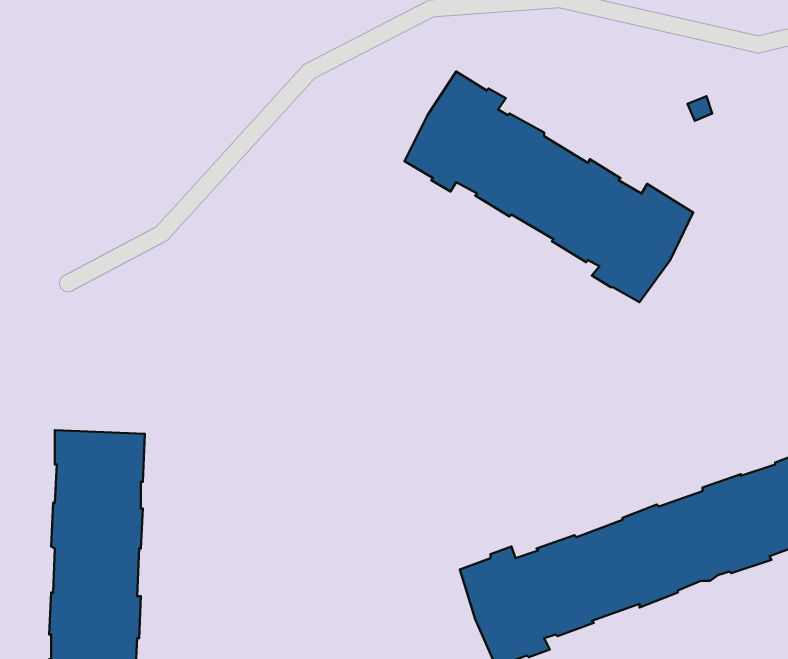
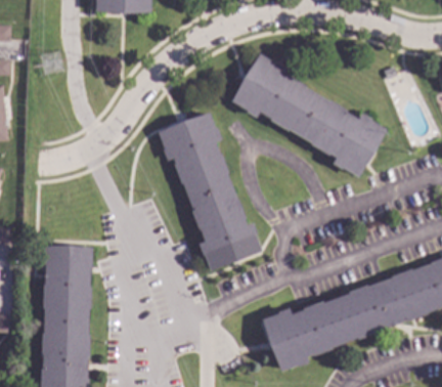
building: none -> [159,113,262,270]

